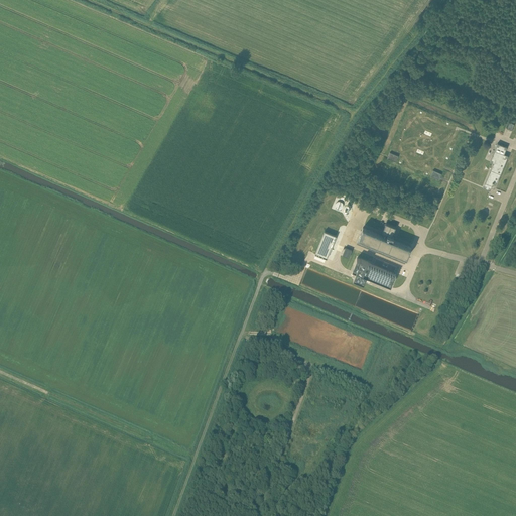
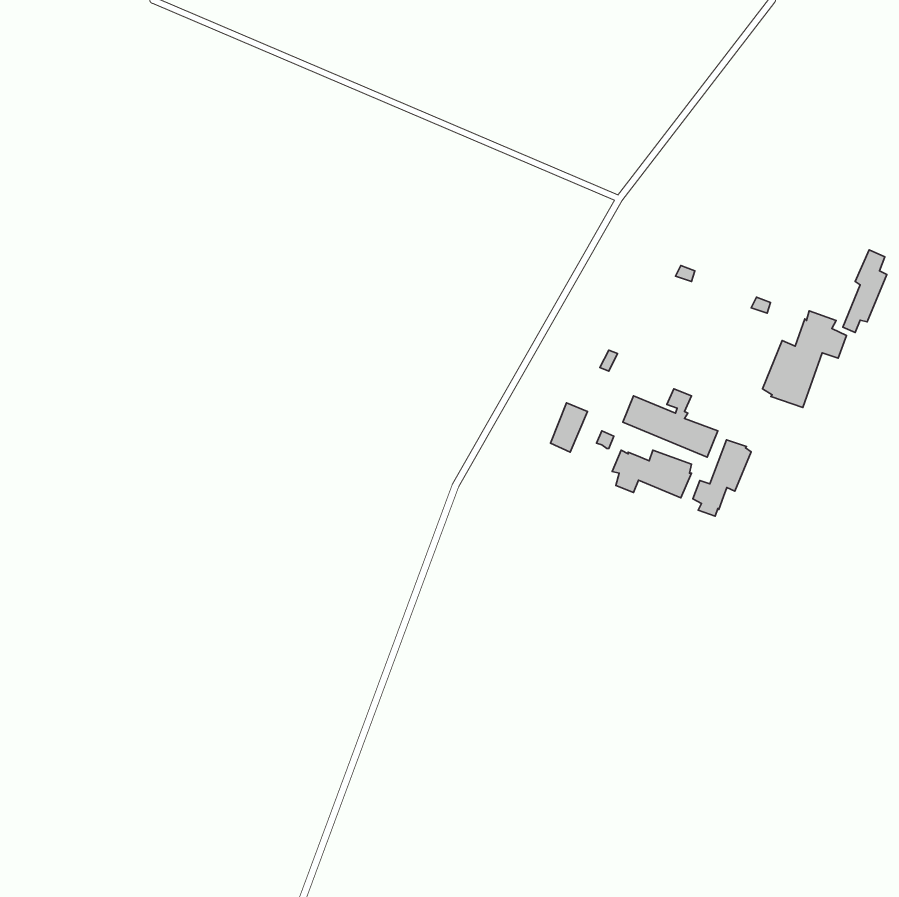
building: none -> [763,311,846,407]
building: none -> [693,440,751,516]

